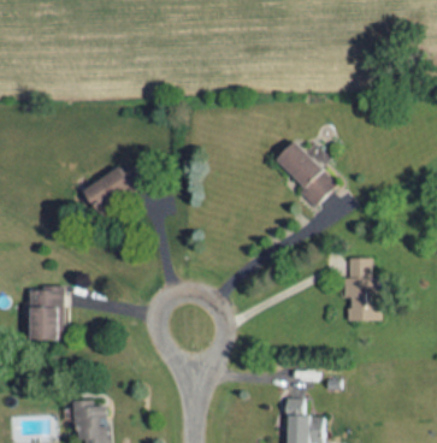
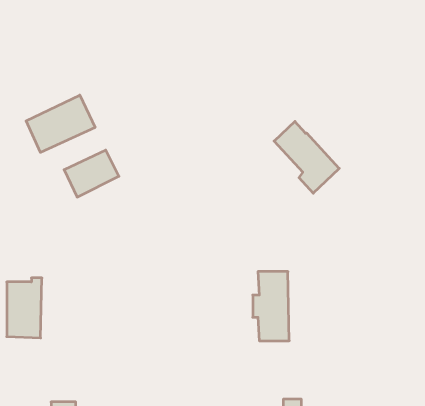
building: none -> [26,95,95,152]
building: [343,256,377,320] -> [253,272,289,341]

